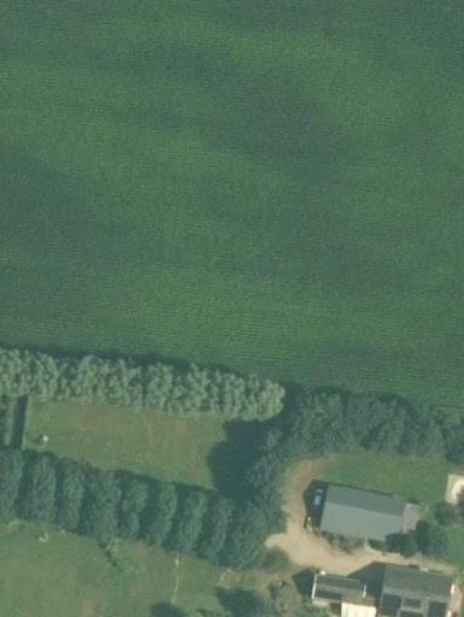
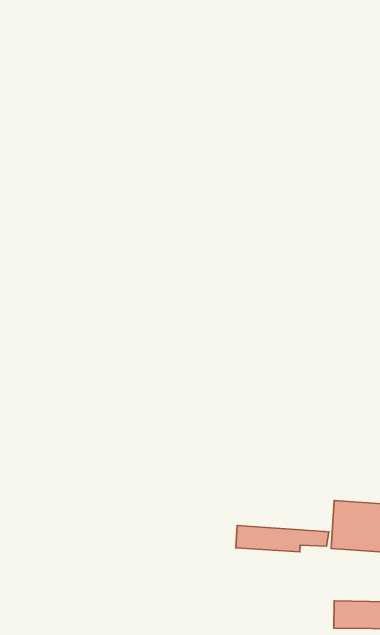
building: none -> [236,526,329,552]

